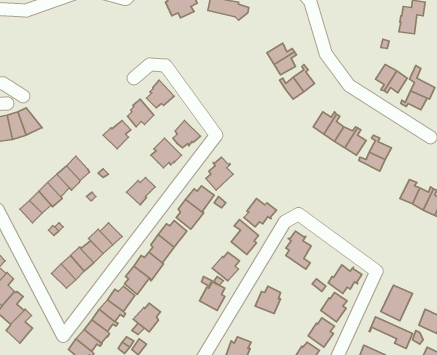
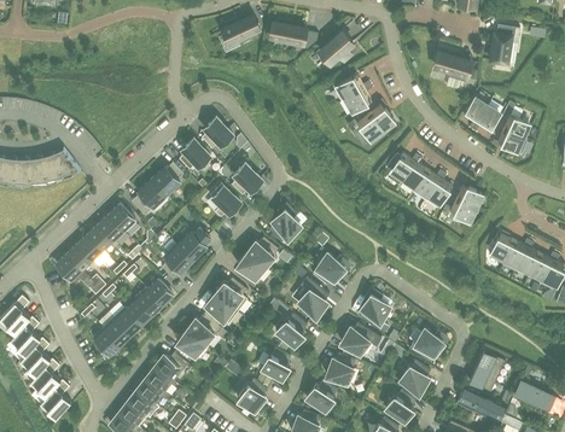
building: none -> [319,30,353,63]
building: none -> [435,49,471,82]
building: none -> [130,180,167,215]
building: none -> [161,245,193,278]
building: none -> [340,322,381,355]
building: [133,303,161,332] -> [235,379,267,411]
building: none -> [305,379,337,411]

